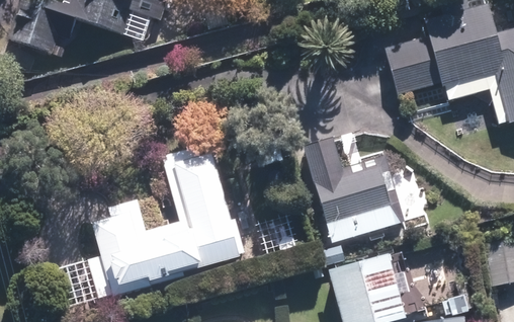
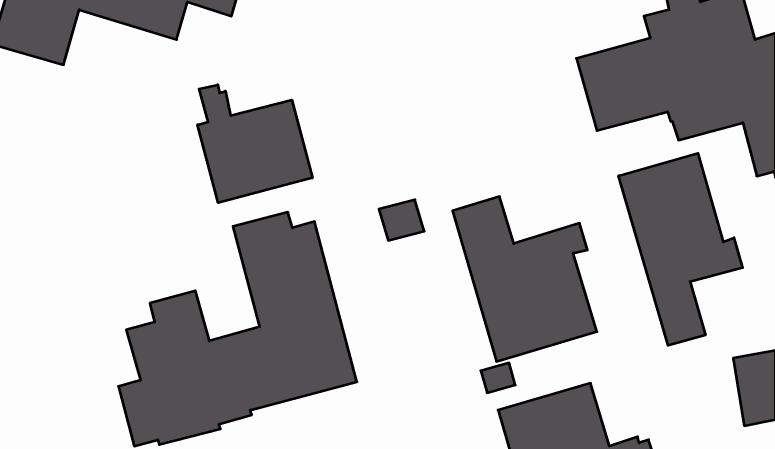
building: none -> [198,85,312,203]
building: none -> [619,153,743,345]

